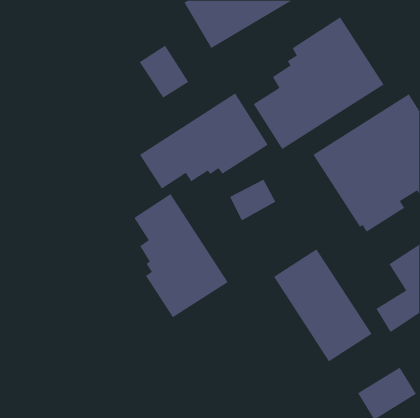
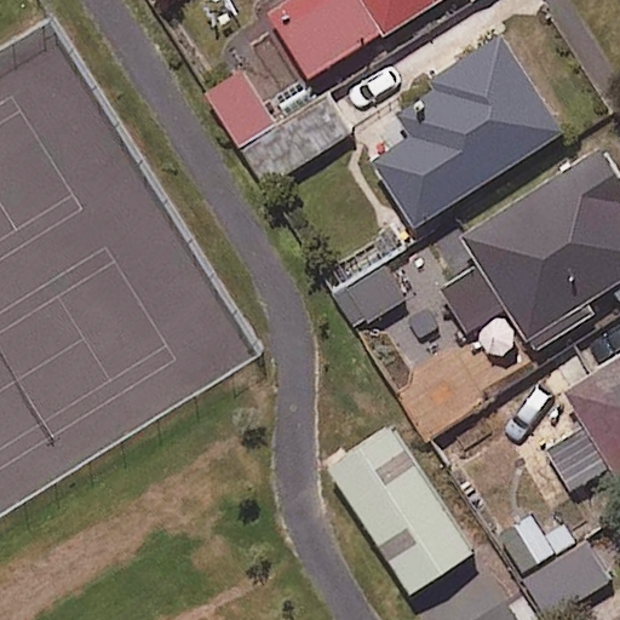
building: [139,92,269,189] -> none
building: [134,193,229,318] -> none
building: [273,249,372,362] -> [328,426,473,592]

